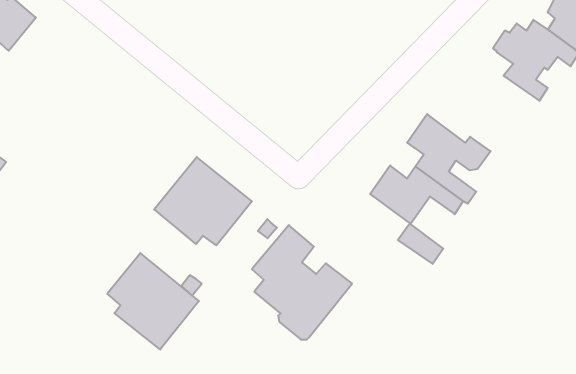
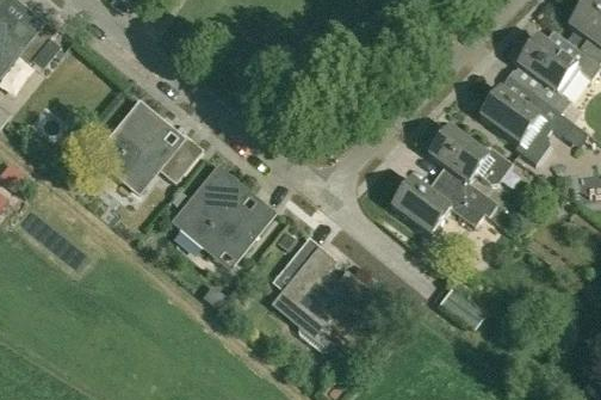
building: none -> [478,87,587,162]
building: none -> [95,104,203,191]
building: [398,223,443,264] -> [440,285,485,326]
building: [107,253,199,350] -> none

